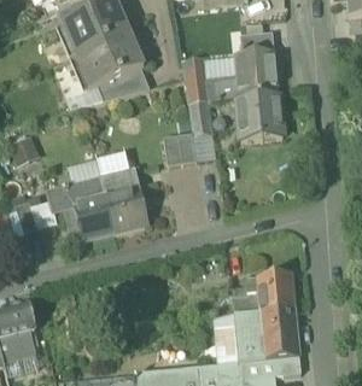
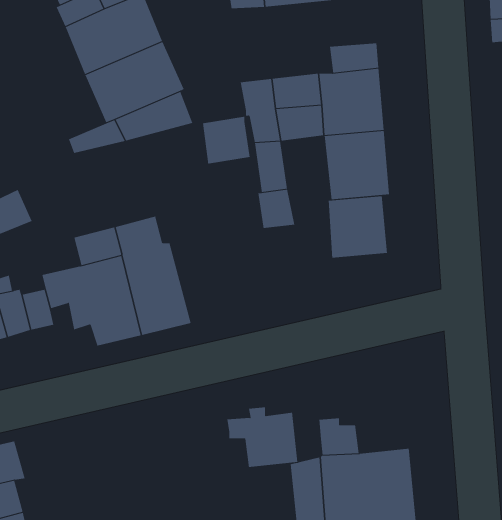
building: [164,131,197,164] -> [202,116,250,164]
building: none -> [328,196,388,258]
building: [247,270,296,311] -> [227,407,298,467]

